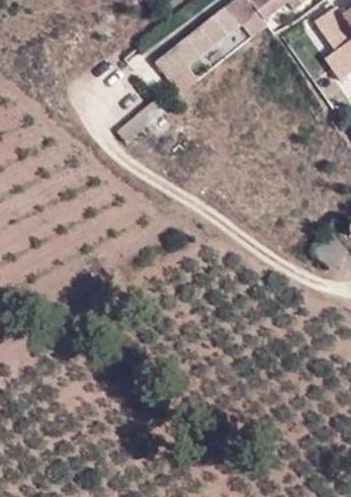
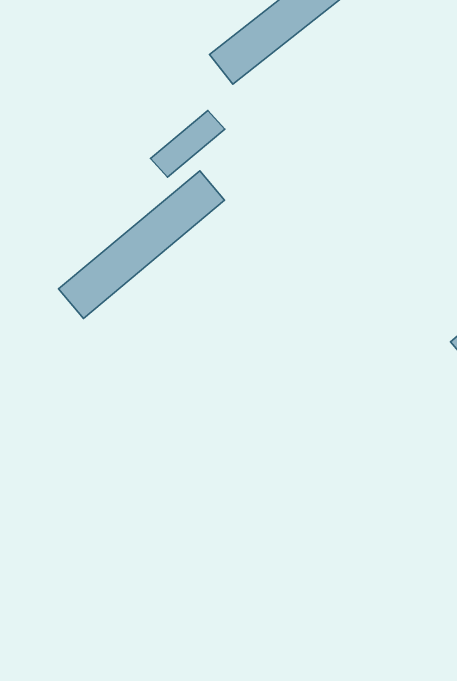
building: none -> [59,171,225,318]

